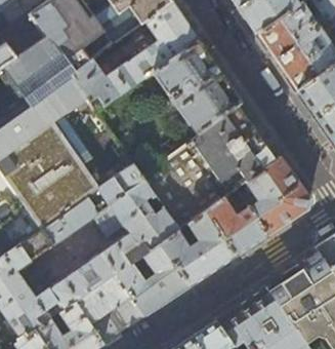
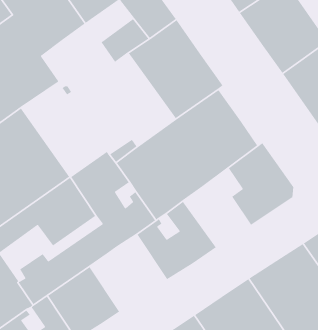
building: [71,60,139,106] -> none
building: [204,198,267,256] -> none
building: [116,243,189,316] -> none

